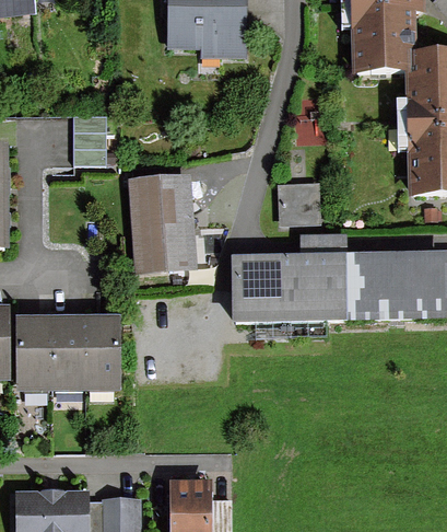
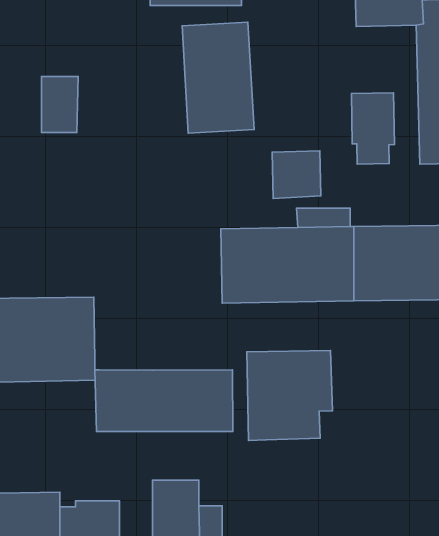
building: none -> [351,93,394,164]
building: [129,175,193,275] -> [182,22,254,133]
building: none -> [247,351,332,440]
building: none -> [95,370,233,432]

